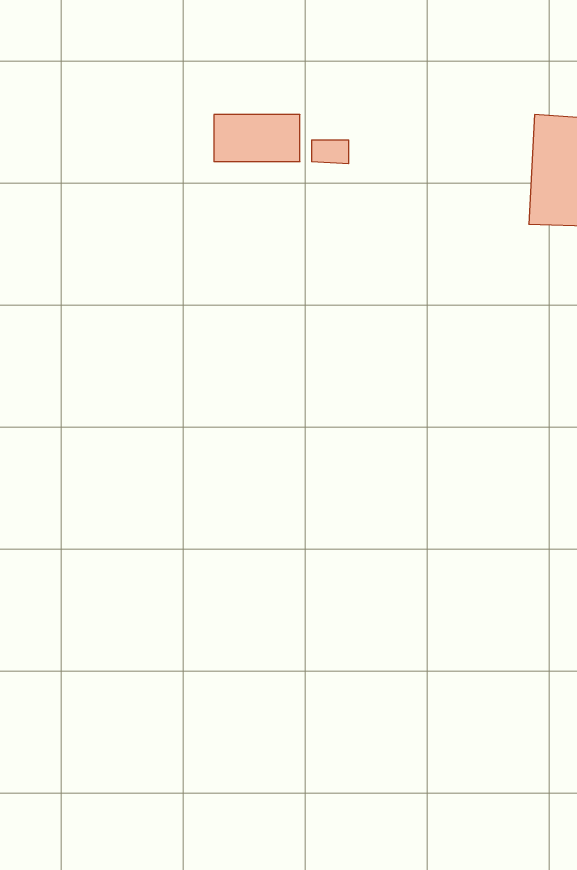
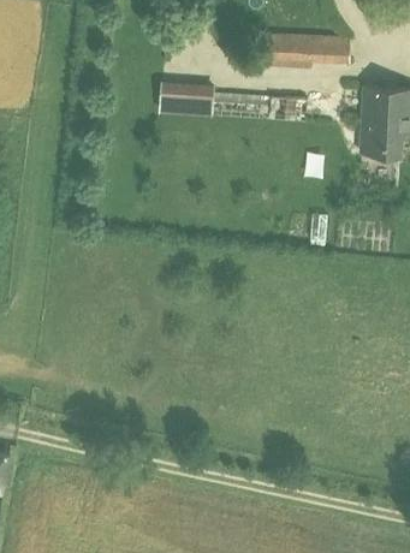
building: none -> [266,34,350,63]

